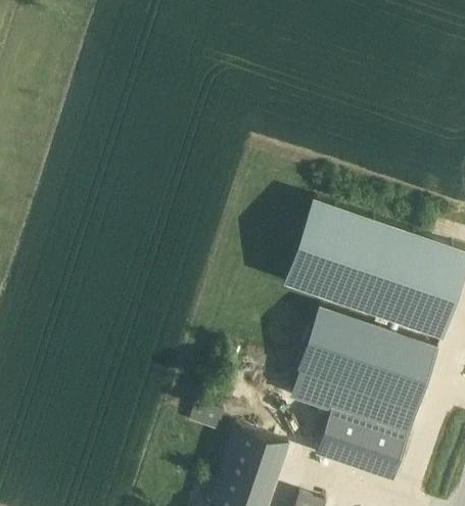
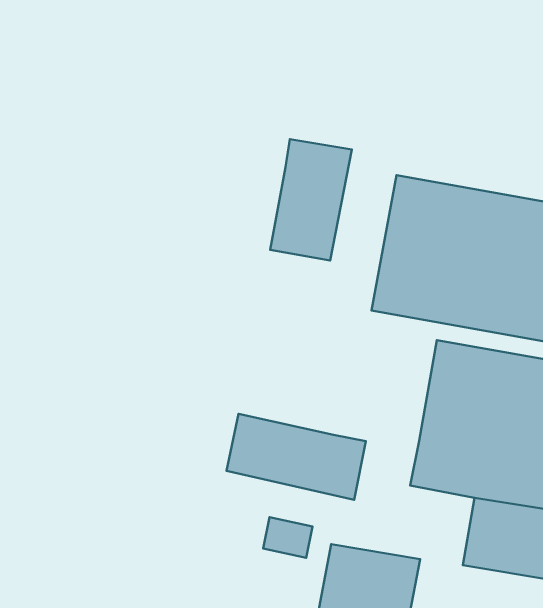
building: none -> [270,139,352,260]
building: none -> [226,414,366,500]

